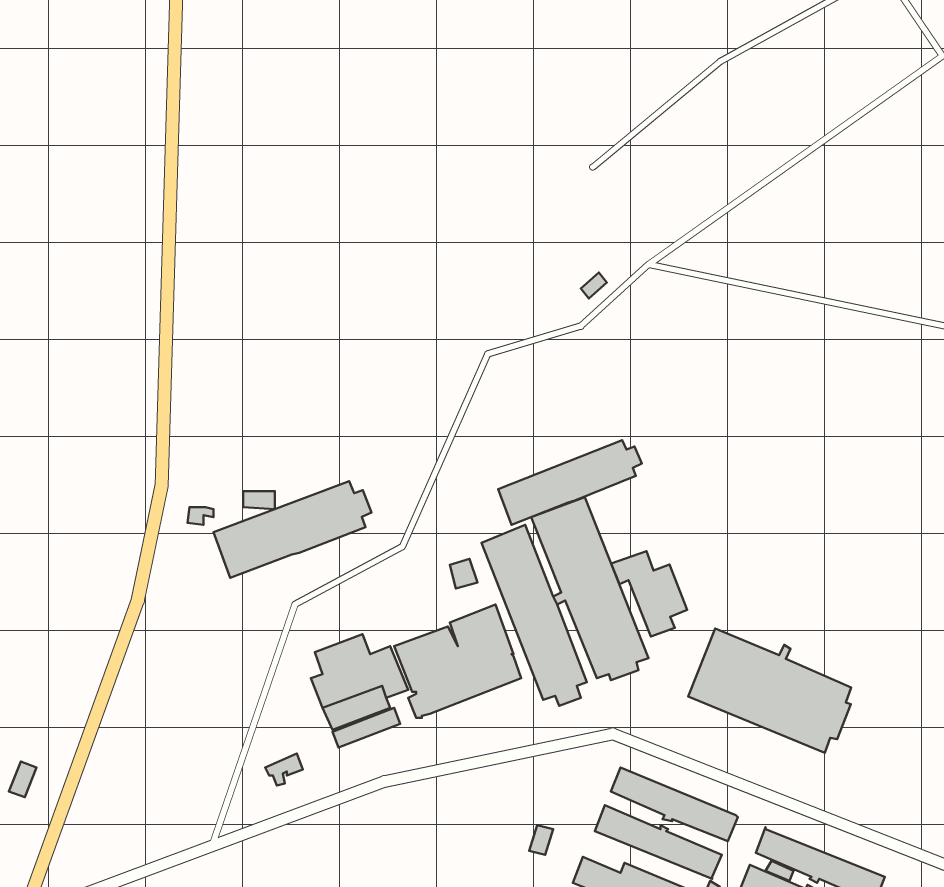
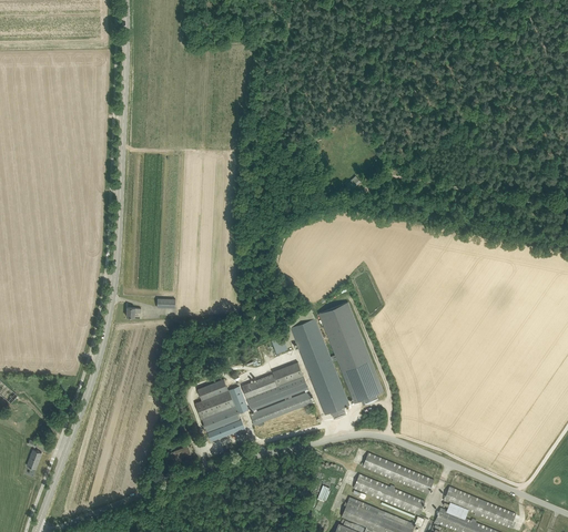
building: [498,440,642,525] -> none
building: [214,481,372,578] -> none
building: [611,551,687,636] -> none
building: [688,629,851,753] -> none

